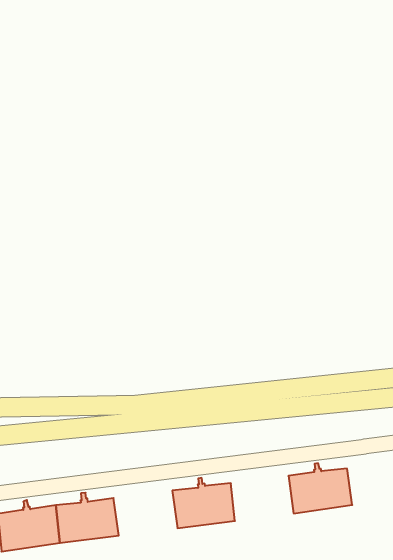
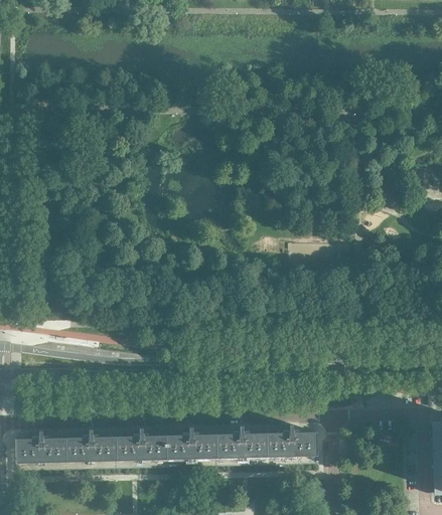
building: none -> [215,421,266,462]
building: none -> [115,423,166,464]

